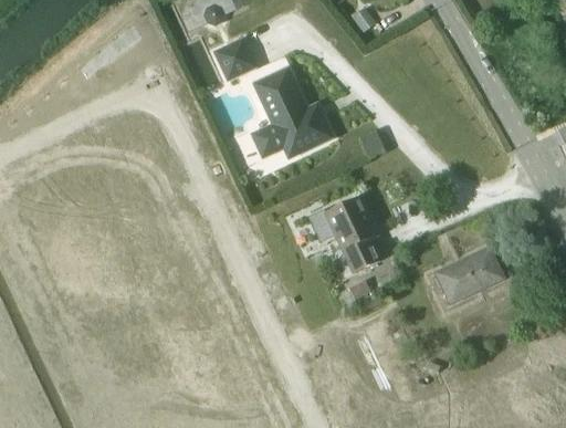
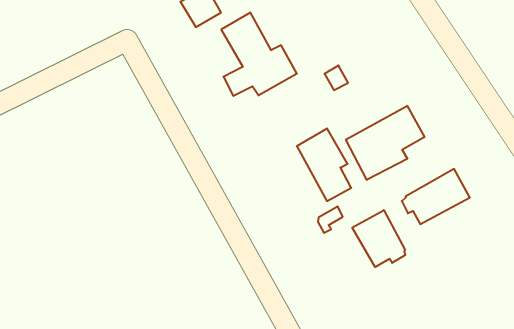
building: none -> [346,106,424,180]
building: none -> [352,210,405,267]

